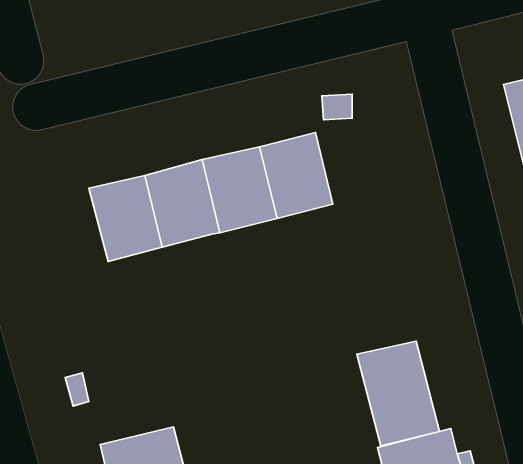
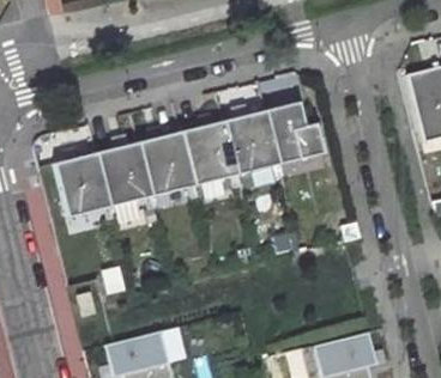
building: none -> [267,102,325,164]
building: none -> [55,152,111,217]
building: [357,341,440,446] -> none

